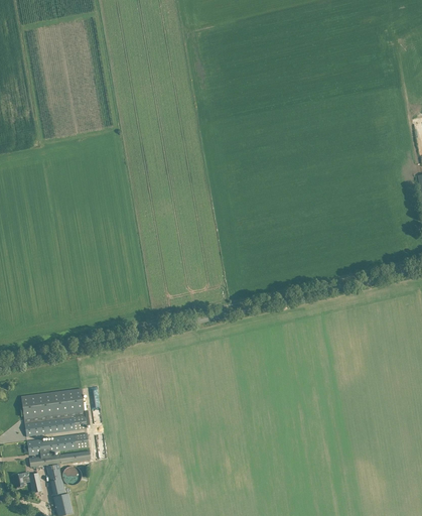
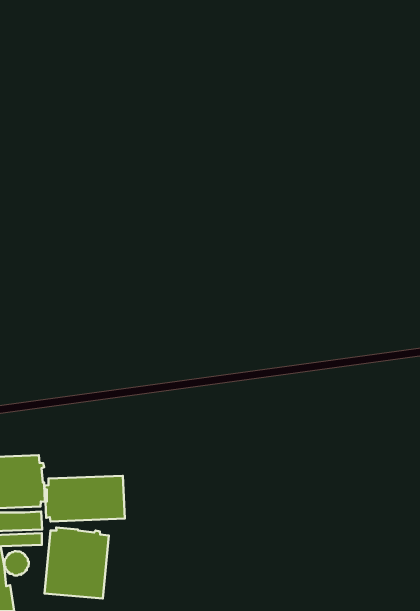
building: none -> [44,476,125,521]
building: none -> [45,527,109,599]

